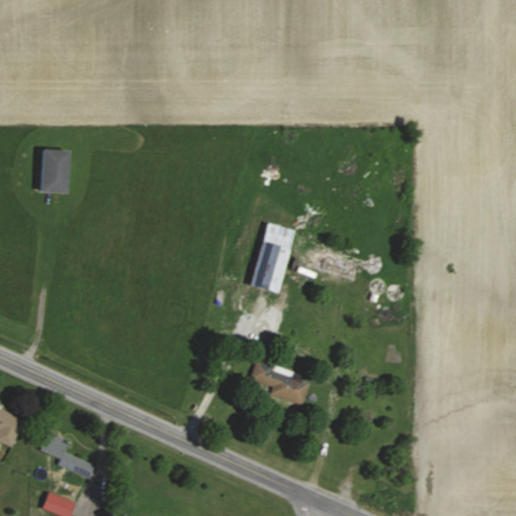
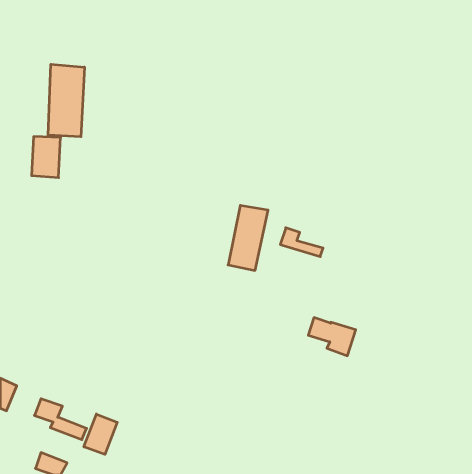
building: none -> [48,64,84,137]
building: [251,362,302,403] -> [308,318,356,356]
building: none -> [84,414,117,454]

